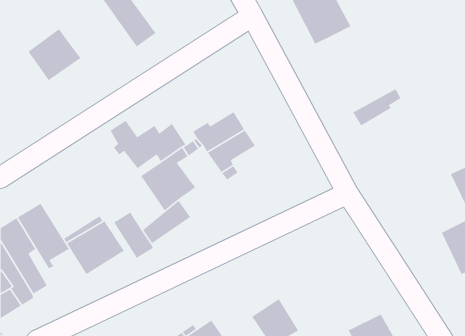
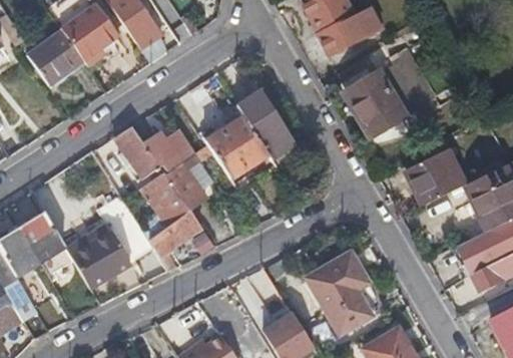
building: none -> [63,7,119,66]
building: none -> [349,63,413,118]
building: none -> [237,92,295,165]
building: none -> [410,150,459,203]
building: none -> [307,253,377,335]

